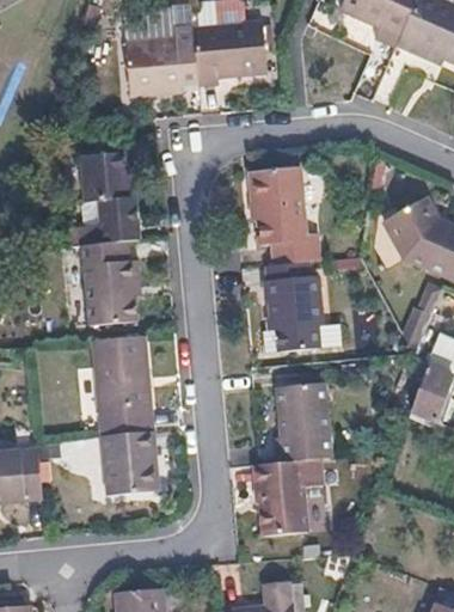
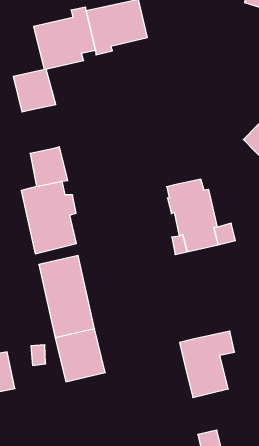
building: [81,151,130,201] -> [13,69,56,112]
building: [253,171,312,264] -> none
building: [272,384,330,463] -> none

